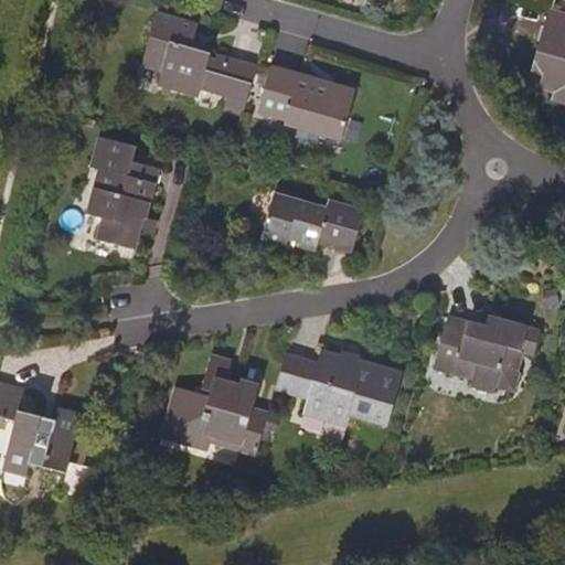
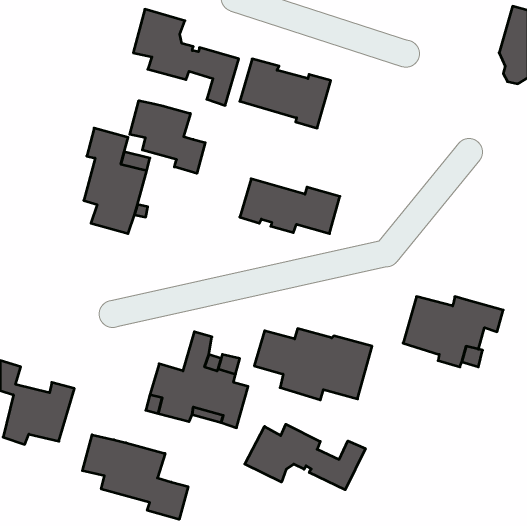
building: none -> [130,101,205,173]
building: none -> [245,424,365,490]
building: none -> [82,435,188,519]

